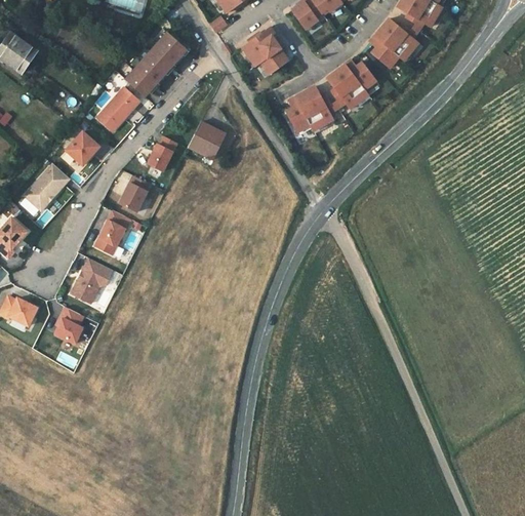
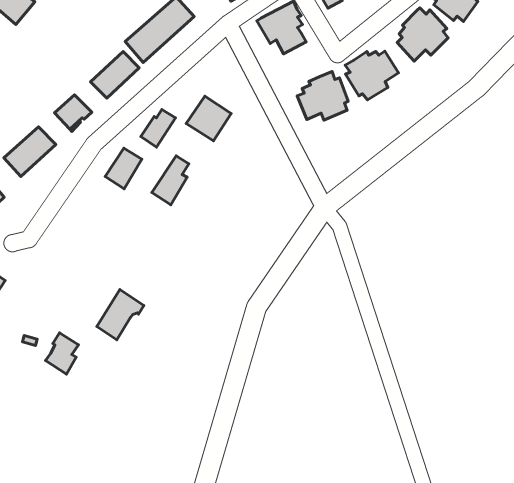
building: [93,209,124,254] -> [152,156,189,205]
building: [71,257,112,304] -> [97,290,144,340]
building: [54,307,83,344] -> [45,333,79,374]

